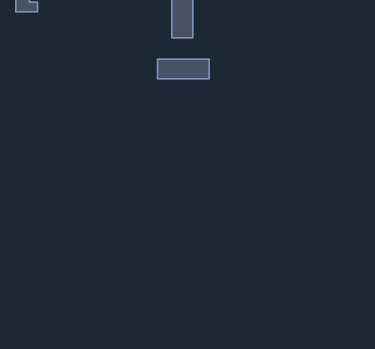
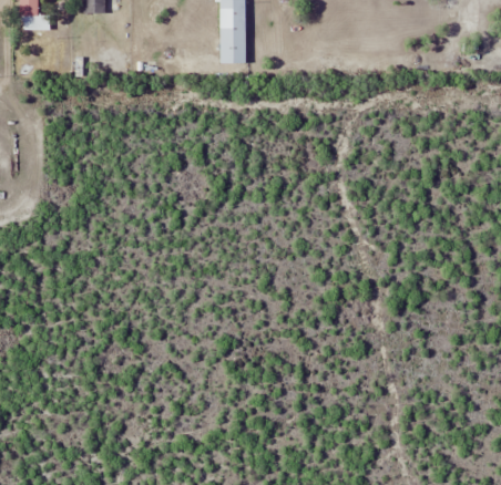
building: [157,59,209,79] -> none

